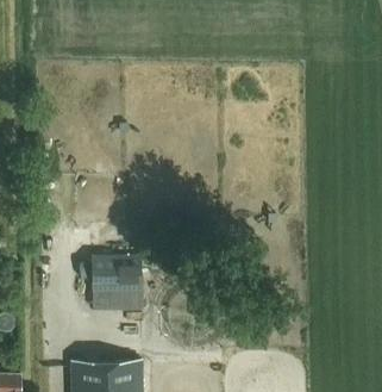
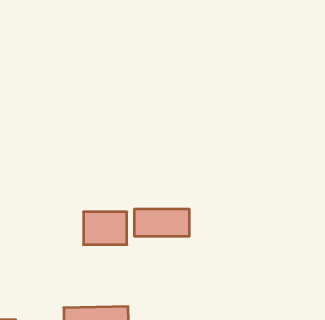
building: none -> [135,209,189,236]

